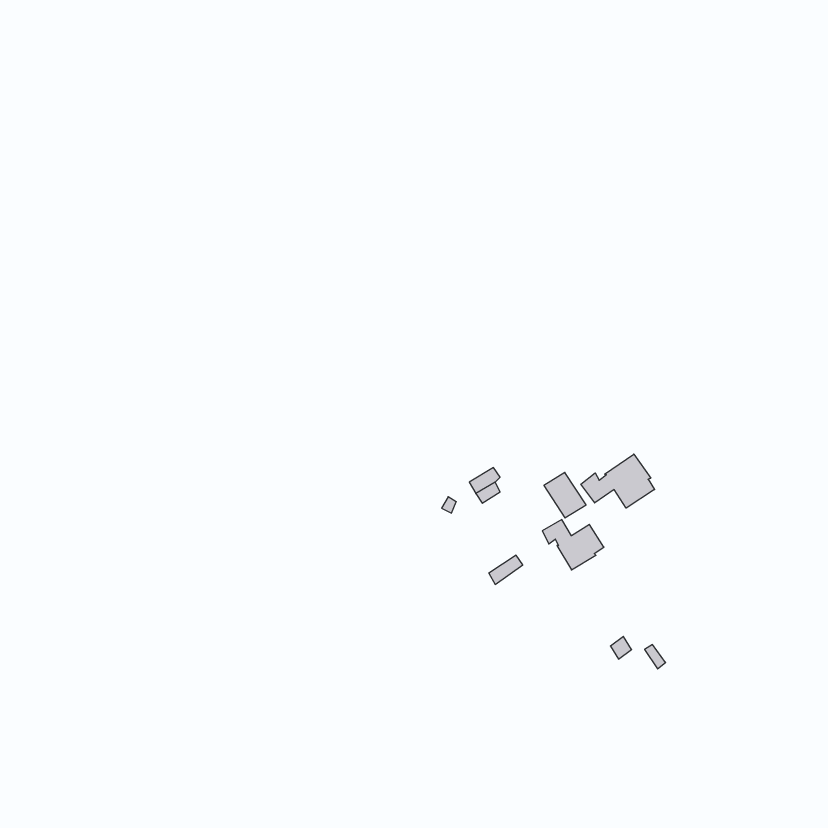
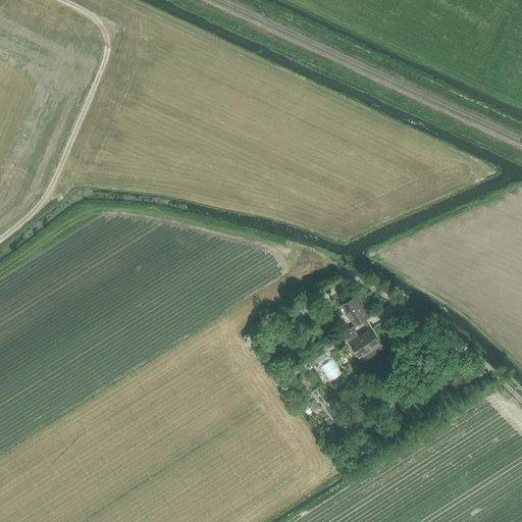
building: [581,454,655,508] -> none

